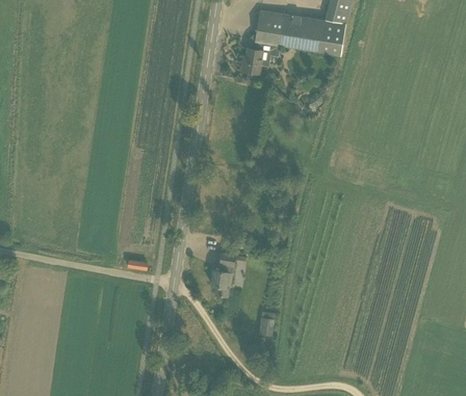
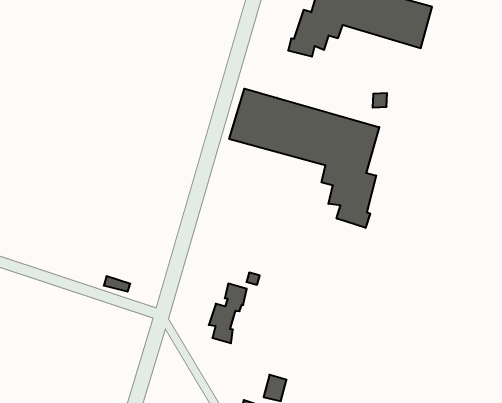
building: none -> [229,89,379,228]

